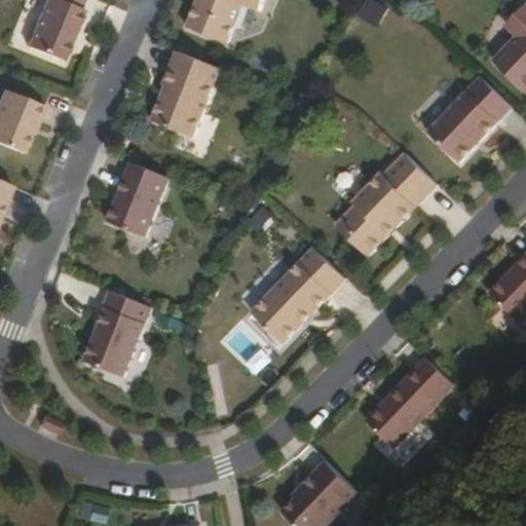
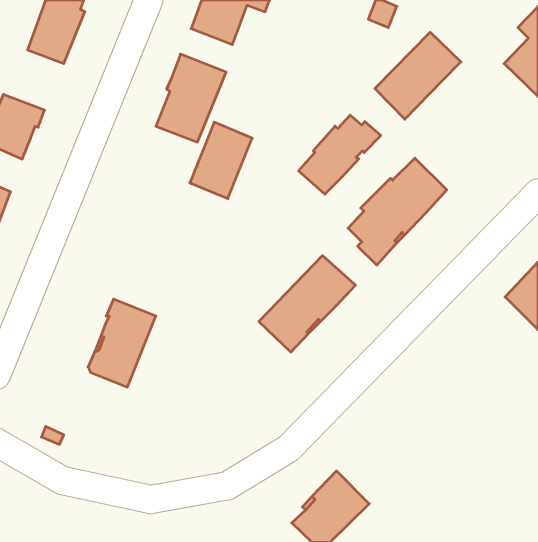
building: [426,79,510,163] -> [375,32,461,119]
building: none -> [299,115,381,194]
building: [107,162,167,236] -> [190,122,252,199]
building: [367,352,454,441] -> none

